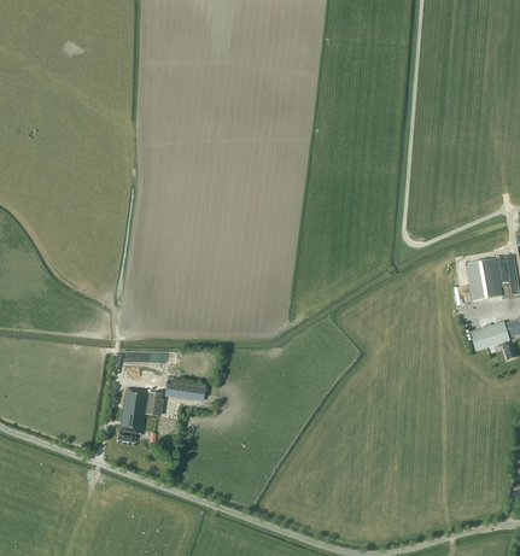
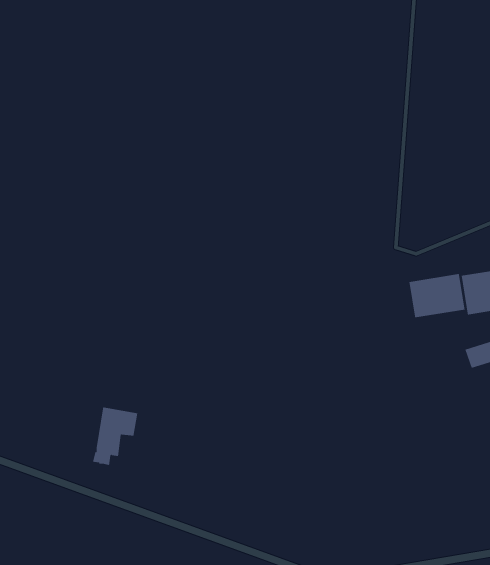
building: none -> [409,273,465,318]
building: [165,375,205,400] -> none

